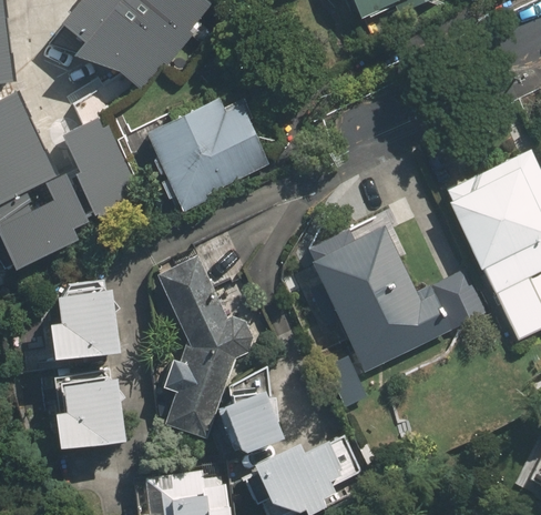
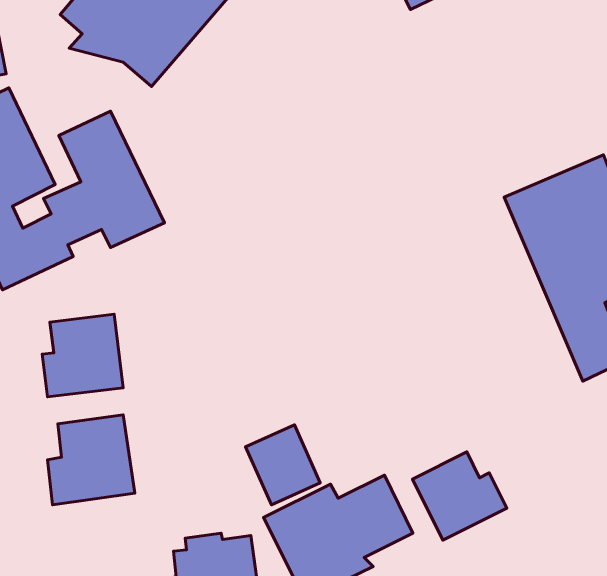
building: [146,97,270,206] -> none
building: [312,225,459,374] -> none
building: [155,251,253,441] -> none
building: none -> [413,452,507,540]

